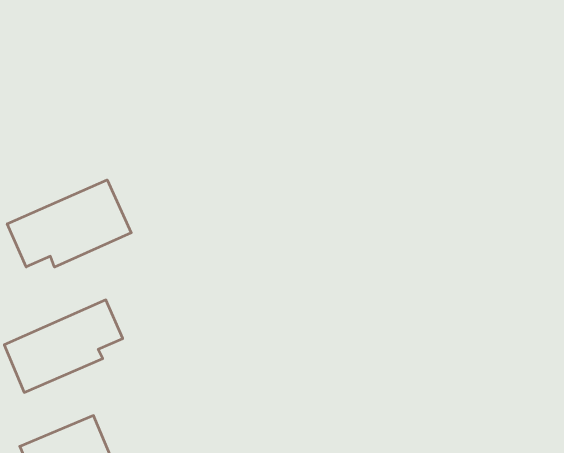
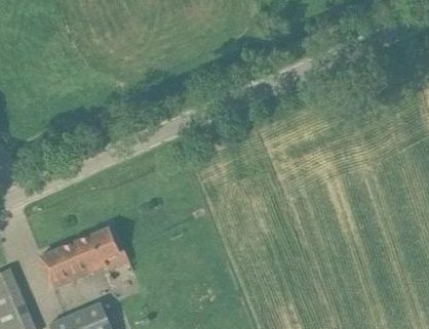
building: [7,180,131,267] -> none

